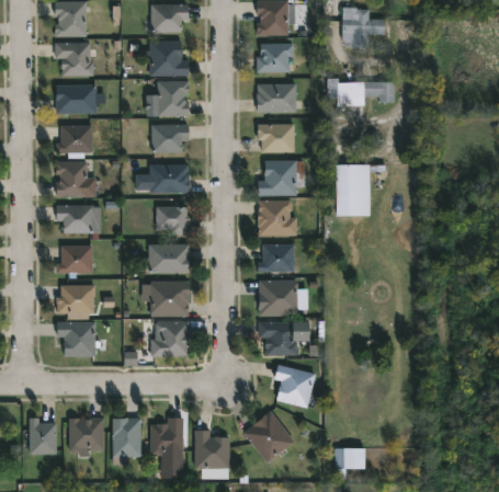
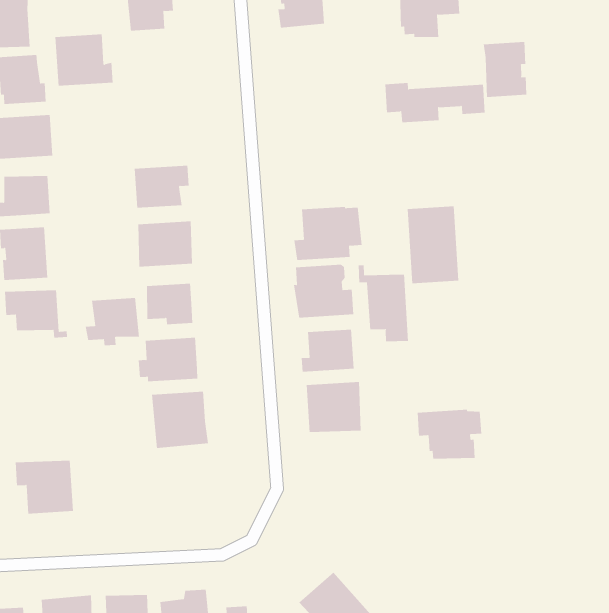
building: [149,41,188,75] -> [55,34,113,86]
building: [257,43,293,72] -> none
building: none -> [483,41,527,98]
building: [158,81,189,115] -> none
building: [257,83,296,111] -> none
building: [258,123,295,151] -> none
building: none -> [358,264,409,342]
building: [56,245,93,277] -> [85,298,140,346]
building: [57,285,94,319] -> none
building: [259,320,303,354] -> [417,409,482,459]
building: [151,321,190,356] -> none
building: [275,363,315,405] -> none

